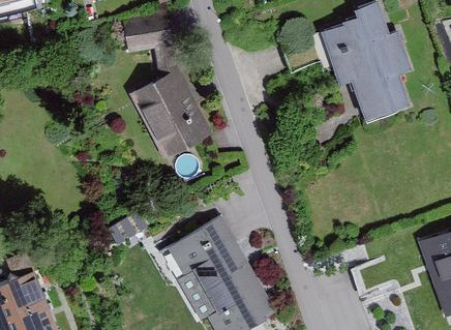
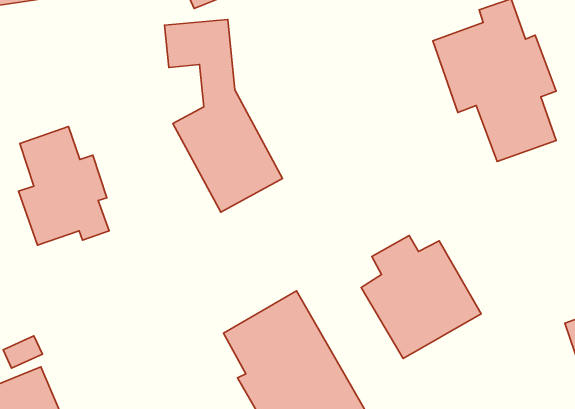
building: none -> [19,127,109,245]
building: none -> [361,236,481,359]

